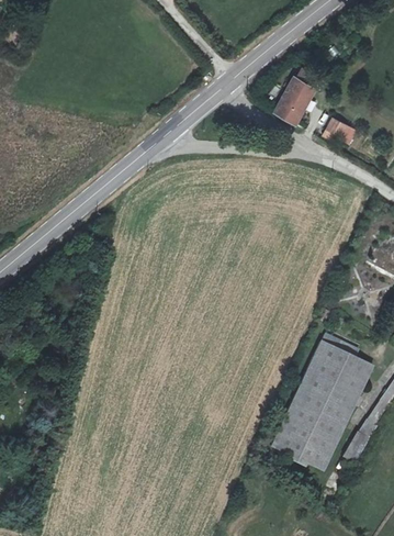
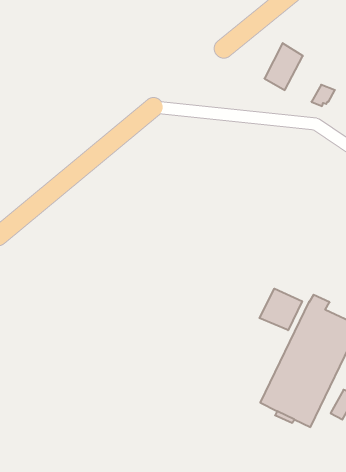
building: none -> [259,289,302,330]

